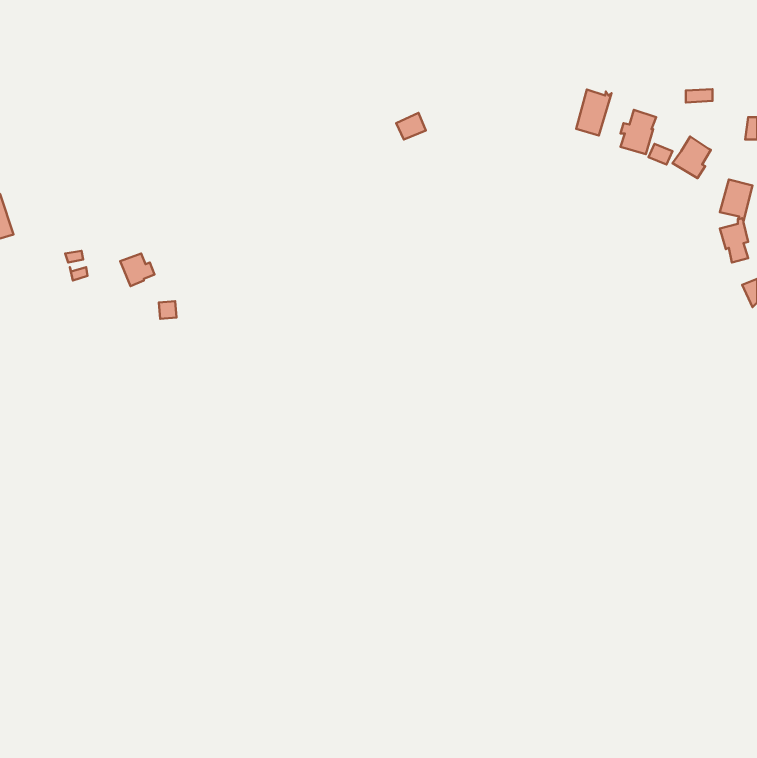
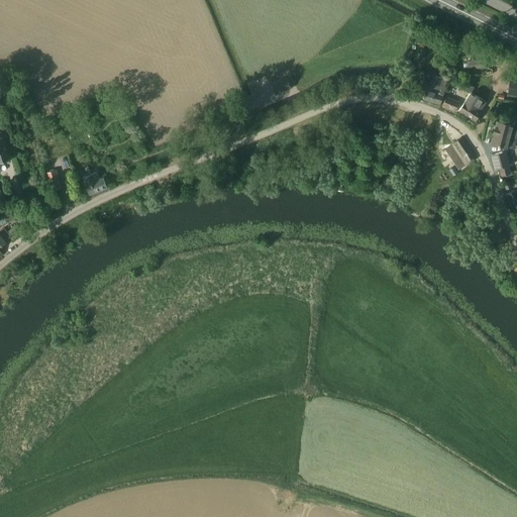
building: [576,90,611,136] -> none
building: none -> [447,137,475,165]

